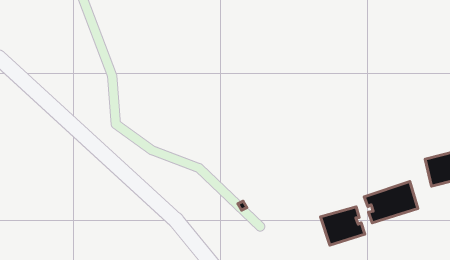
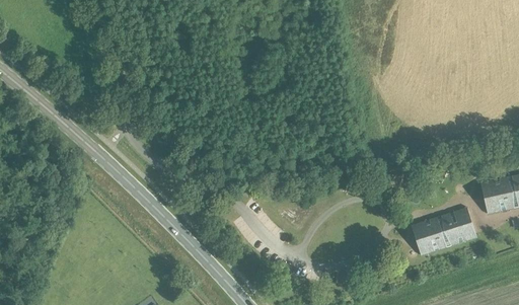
building: [321,207,365,245] -> none

